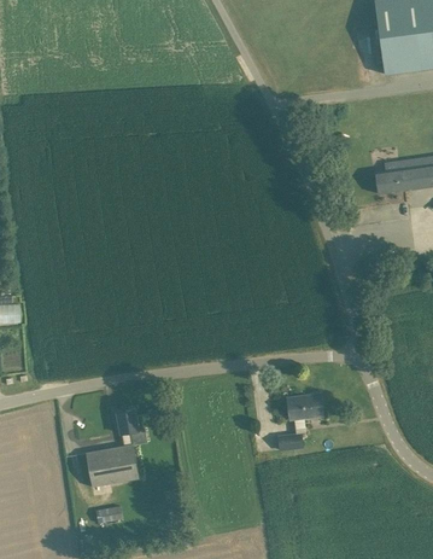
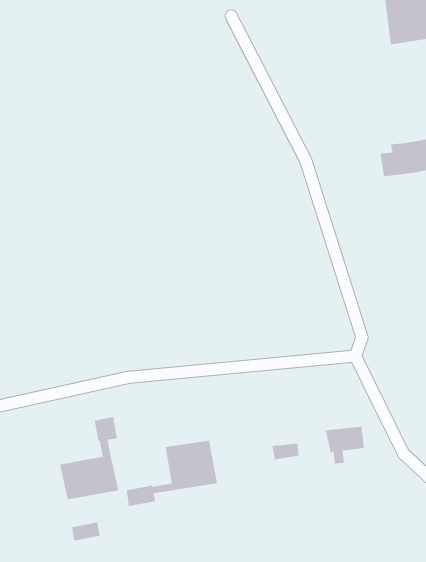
building: [286,395,322,430] -> [325,426,365,464]
building: none -> [126,440,218,507]

